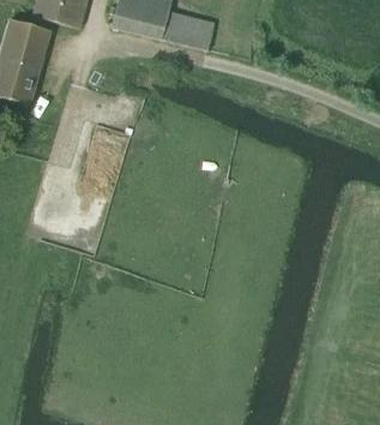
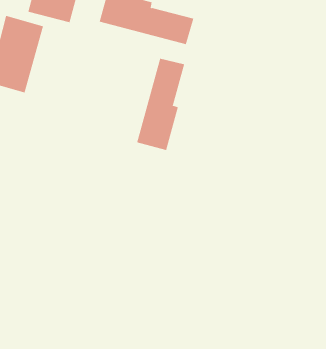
building: none -> [137,58,185,151]

